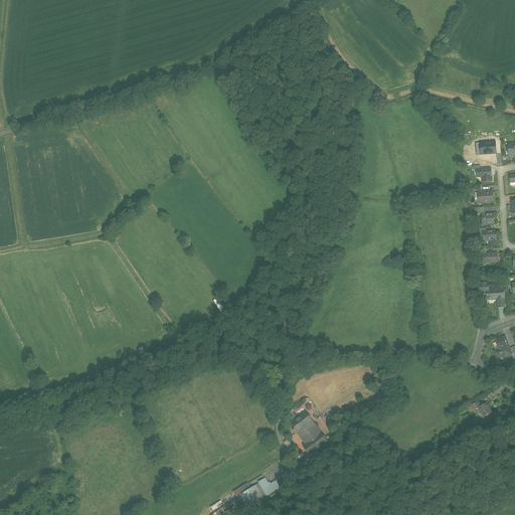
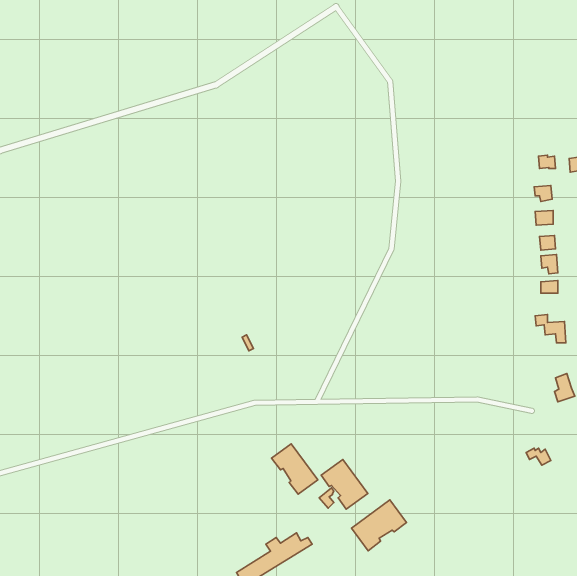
building: none -> [271,444,318,494]
building: none -> [352,500,406,551]

